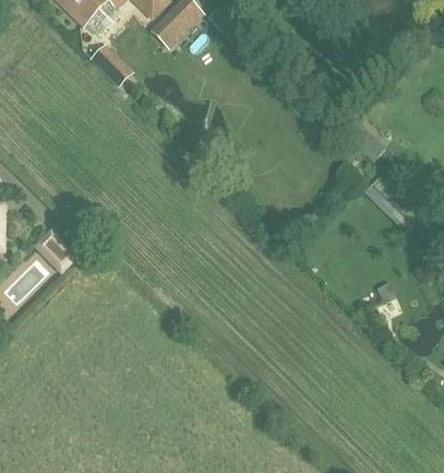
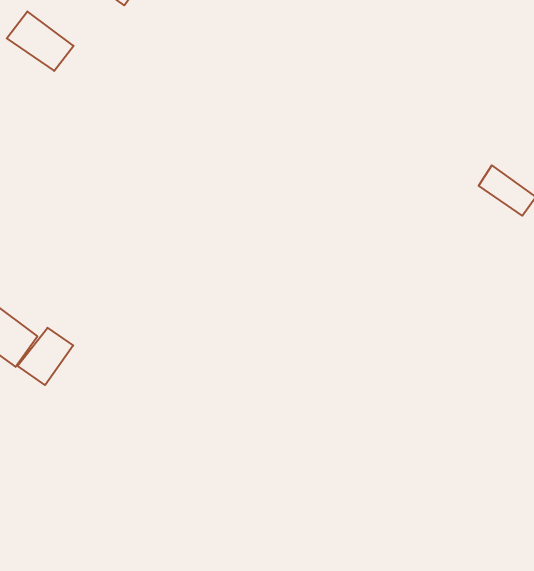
building: none -> [17,328,73,385]

